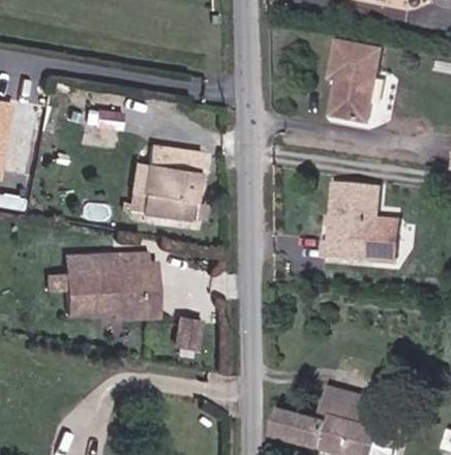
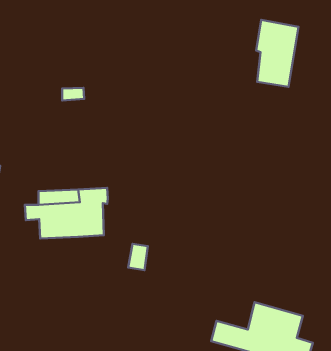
building: [140,145,200,219] -> none
building: [323,186,399,269] -> none
building: [113,263,156,317] -> none

